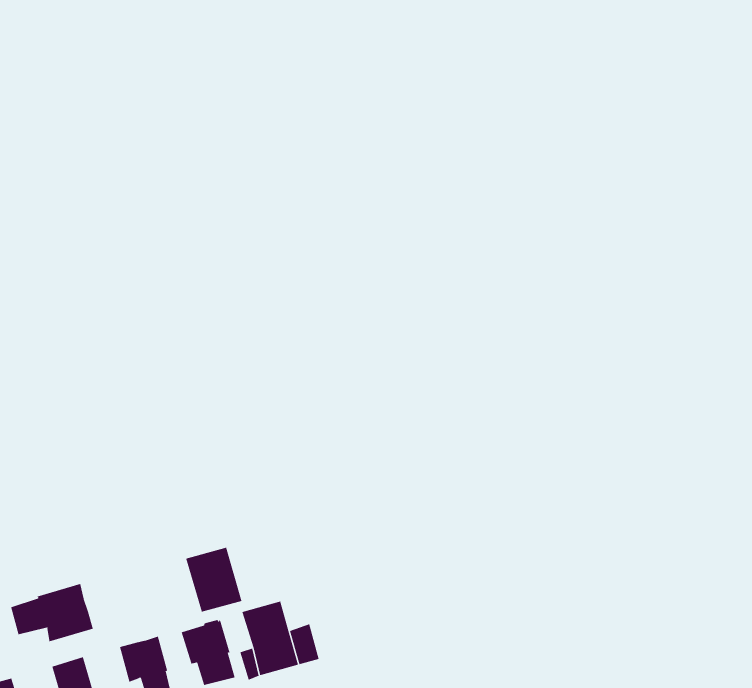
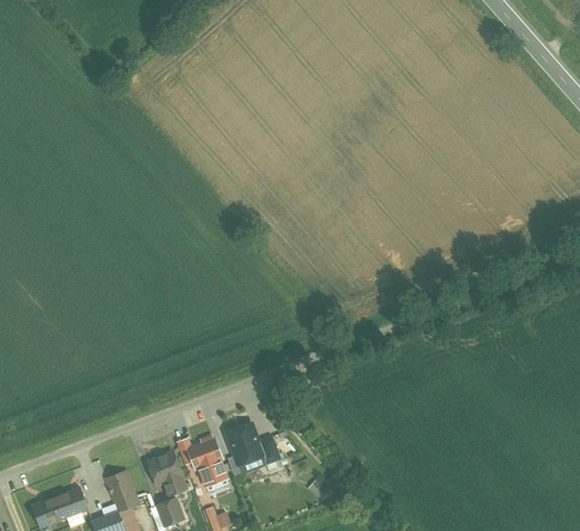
building: [186,547,242,613] -> none
building: [10,583,94,642] -> none

